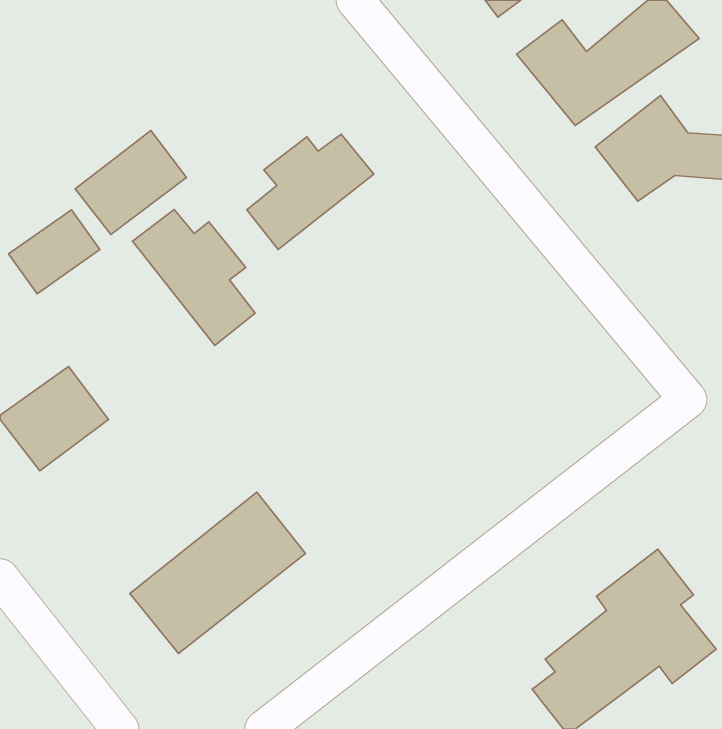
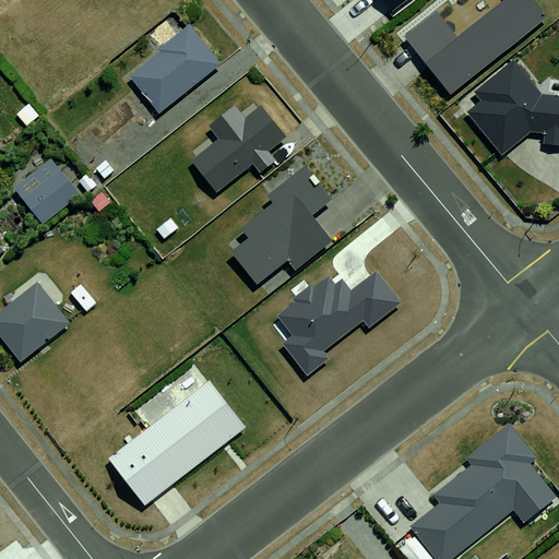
building: [75,130,187,235] -> [134,28,219,108]
building: [132,210,255,345] -> none
building: none -> [234,168,340,285]
building: none -> [266,270,401,376]

